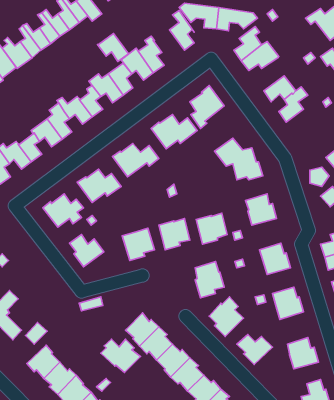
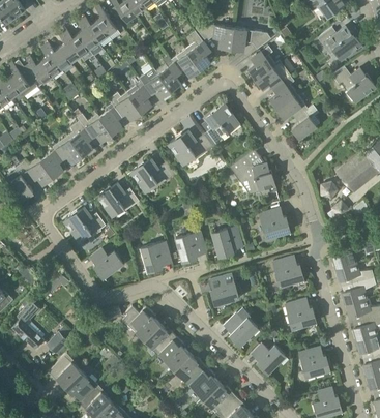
building: [98,34,129,61] -> [171,51,201,78]
building: none -> [270,78,297,110]
building: [101,339,141,373] -> [122,307,160,339]

